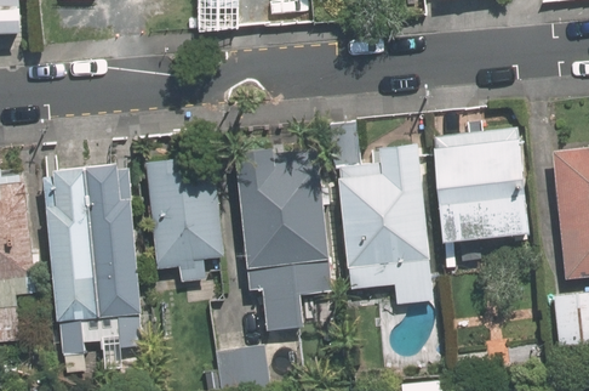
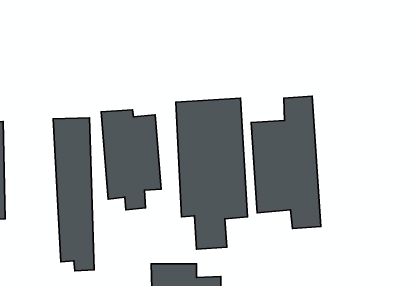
building: [431,128,525,245] -> none
building: [50,166,99,356] -> none

